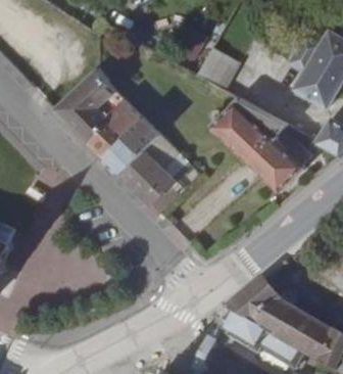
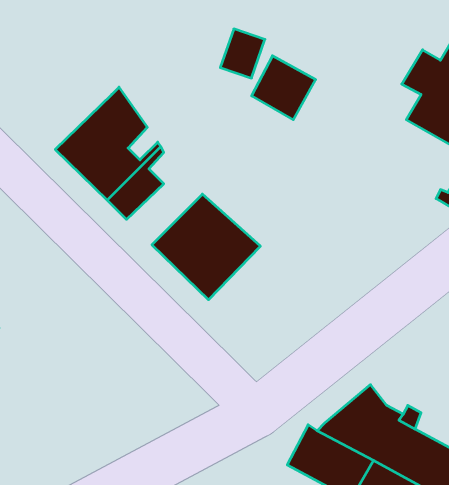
building: [212,99,302,190] -> none
building: [105,126,157,176] -> none

